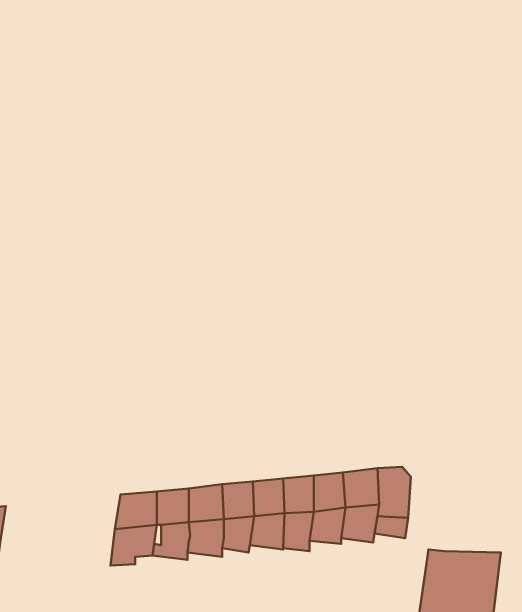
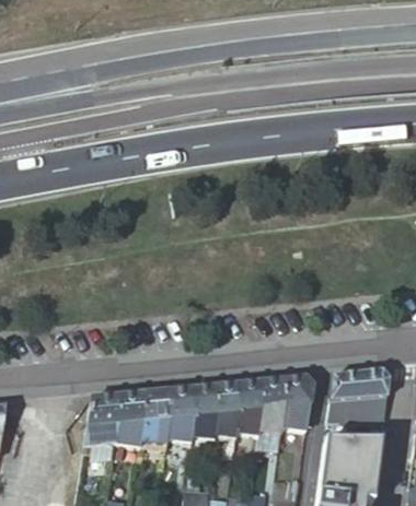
building: none -> [324,367,388,438]

